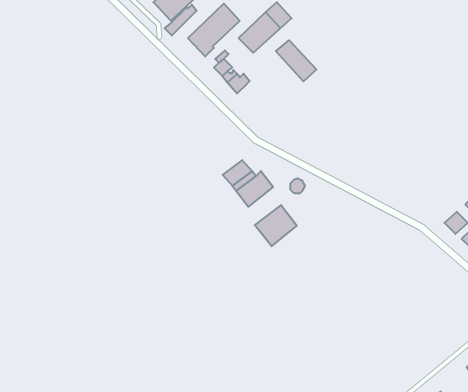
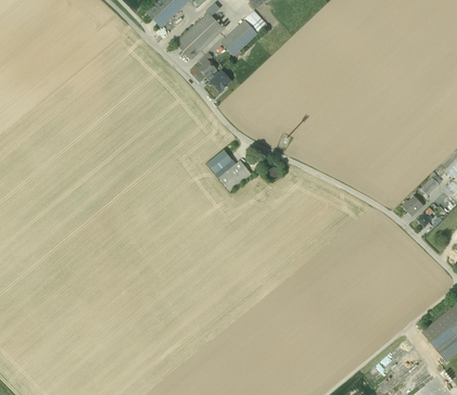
building: [276,40,316,81] -> none
building: [255,205,297,246] -> none

